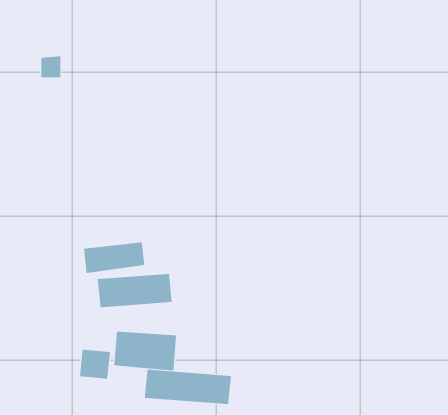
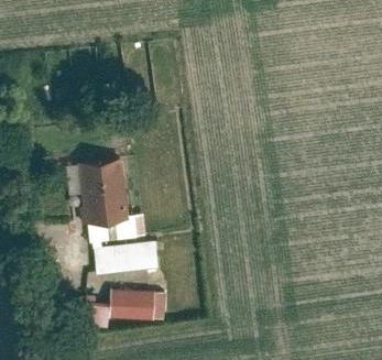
building: none -> [79,157,116,222]
building: [144,369,232,405] -> none

